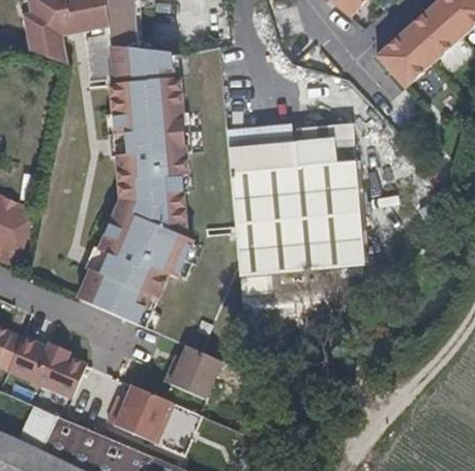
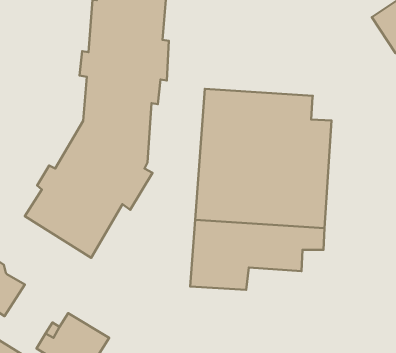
building: [227,124,352,151] -> none
building: [164,346,221,400] -> none

